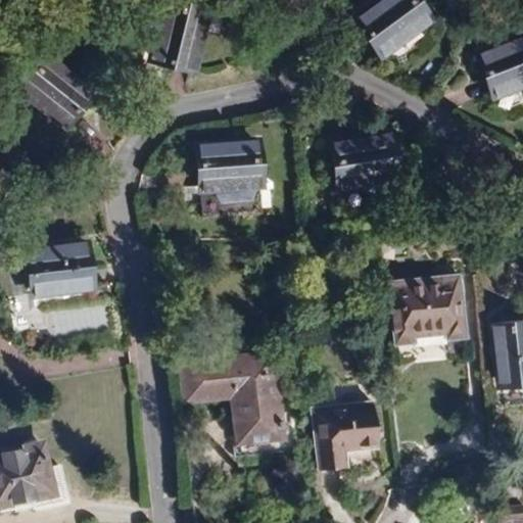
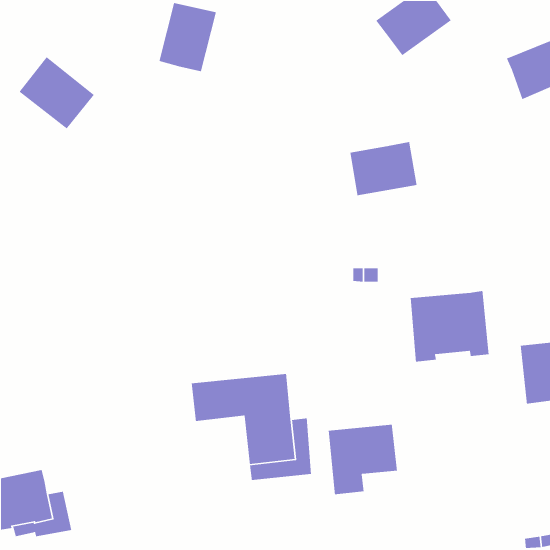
building: [198,142,260,217] -> none
building: [28,245,90,293] -> none

